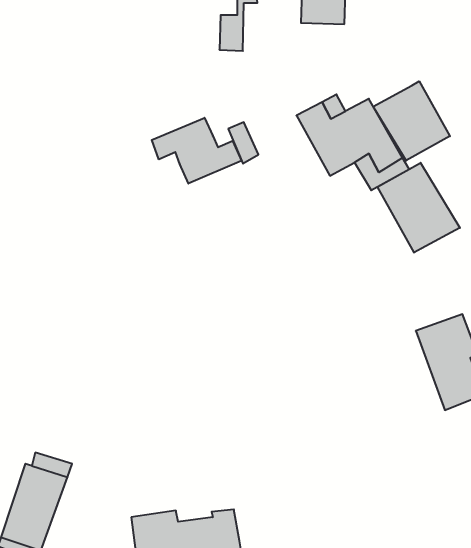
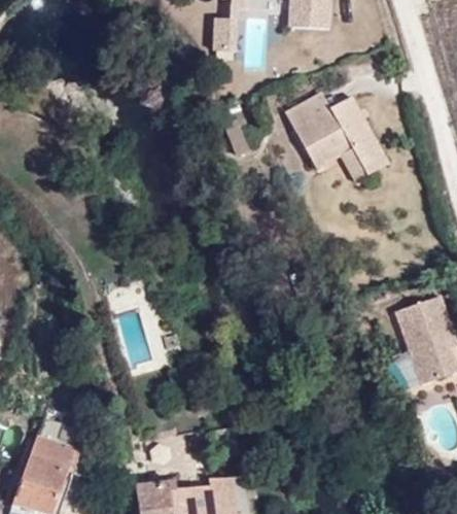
building: [373,81,450,161] -> none
building: [152,118,242,184] -> none
building: [377,163,460,253] -> none

